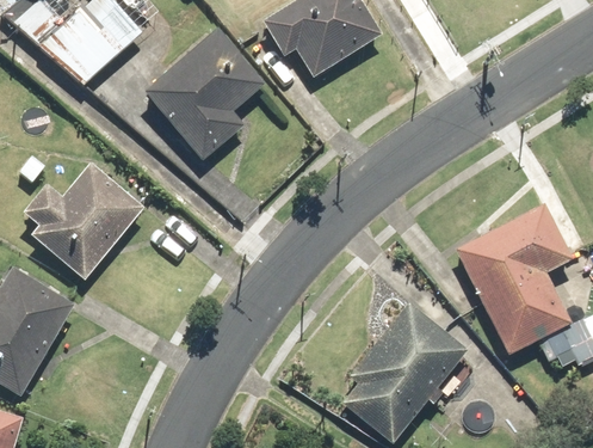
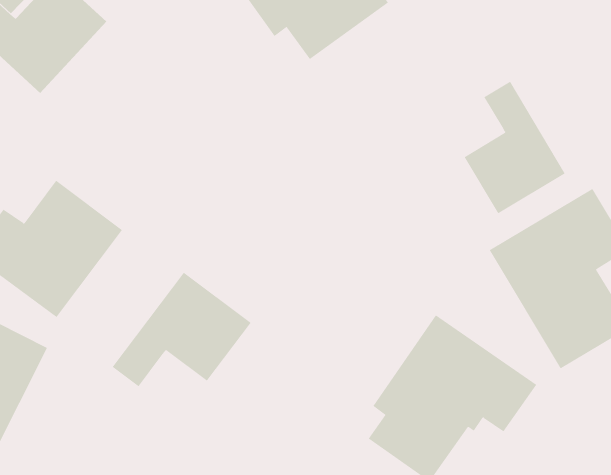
building: [143,27,266,160] -> none
building: none -> [464,81,566,214]
building: none -> [112,272,251,387]

